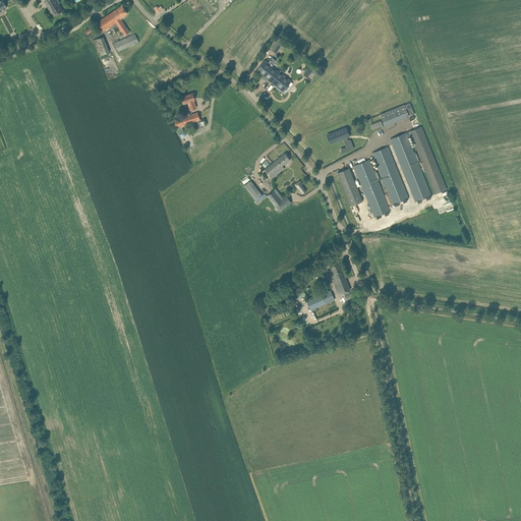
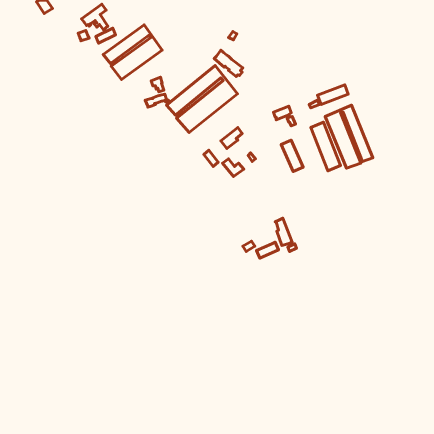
building: none -> [103,25,162,79]
building: none -> [166,66,238,133]
building: [354,160,390,217] -> none

